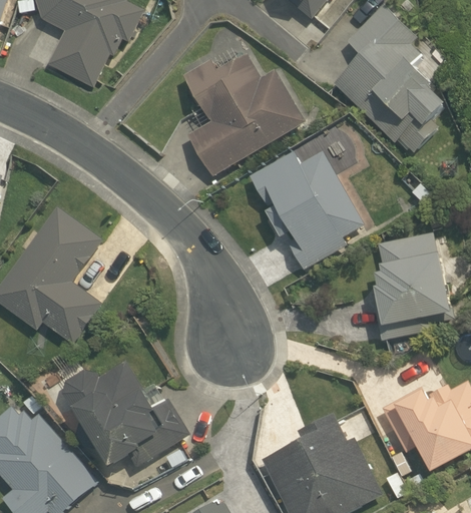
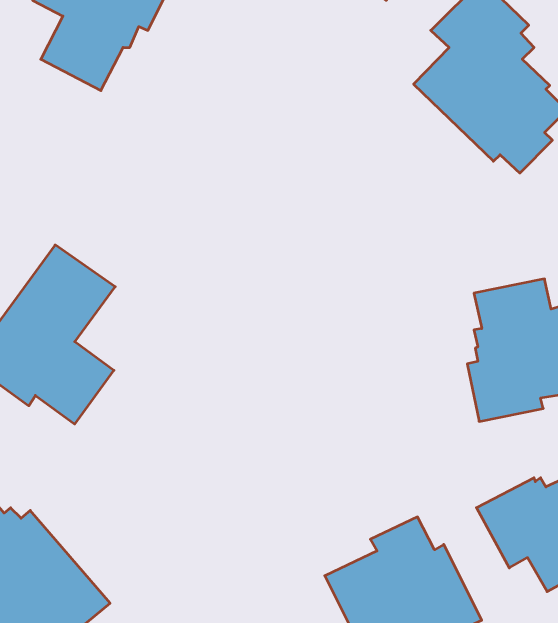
building: [182,52,305,174] -> none
building: [250,151,364,271] -> none
building: [62,359,191,468] -> none

